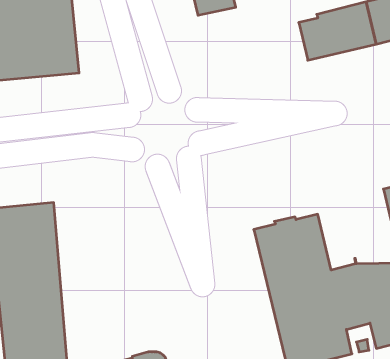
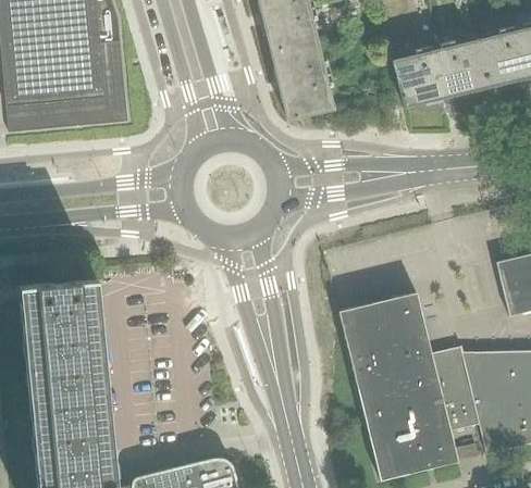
building: none -> [272,42,334,121]

